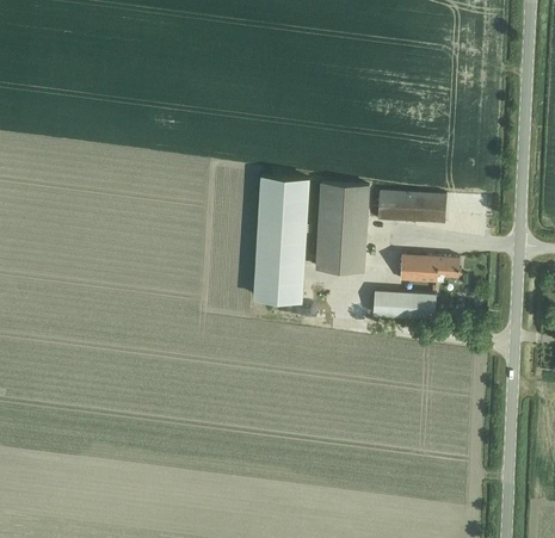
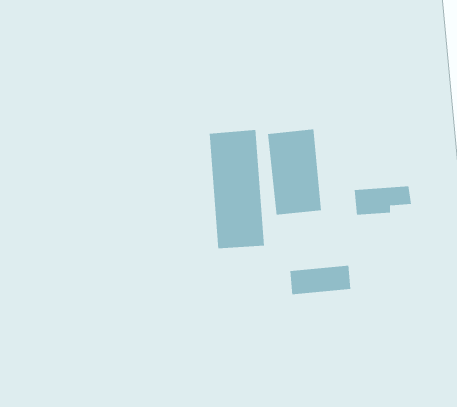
building: [377,191,445,222] -> none
building: [372,291,436,319] -> [289,265,351,295]

